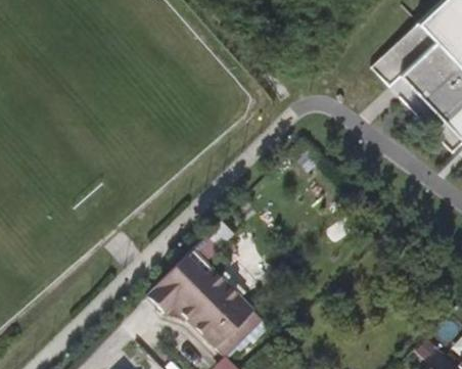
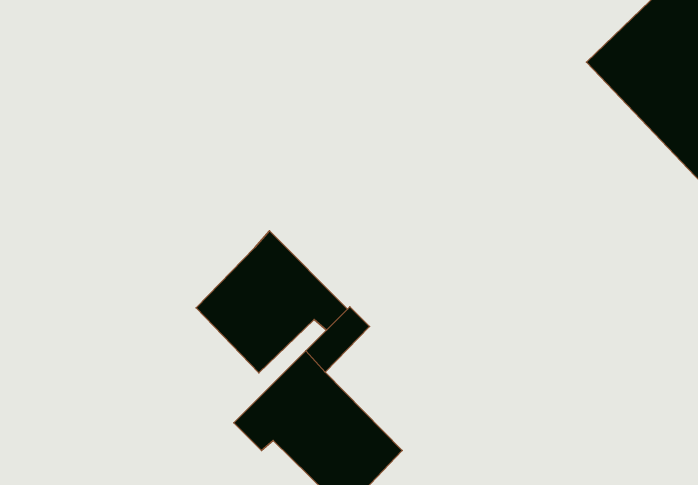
building: none -> [196,231,348,373]

